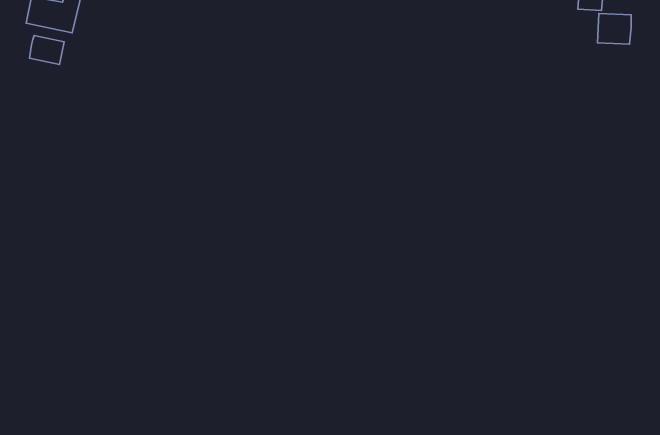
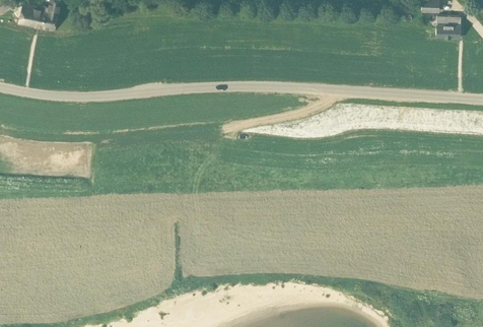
building: [29,35,64,64] -> none

